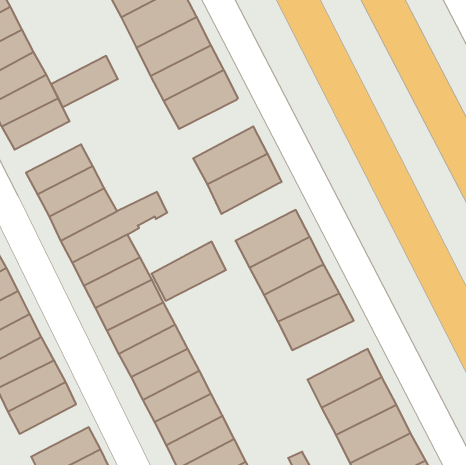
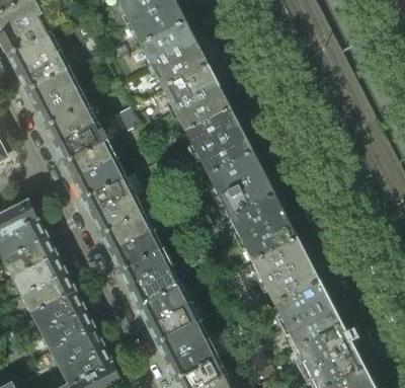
building: [51,56,118,107] -> [44,103,96,144]
building: none -> [173,85,232,133]
building: [151,242,226,301] -> [207,151,265,198]
building: none -> [262,260,322,307]
building: none -> [48,326,102,368]

